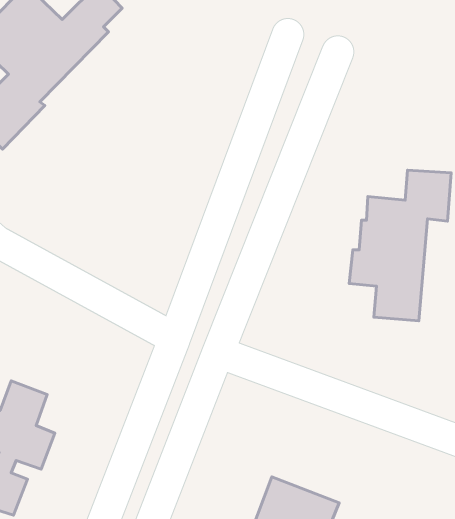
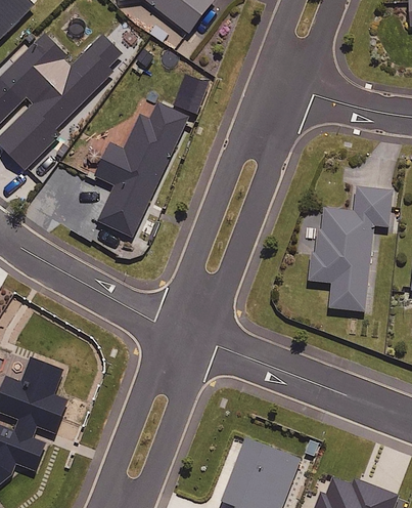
building: none -> [94,93,188,259]

